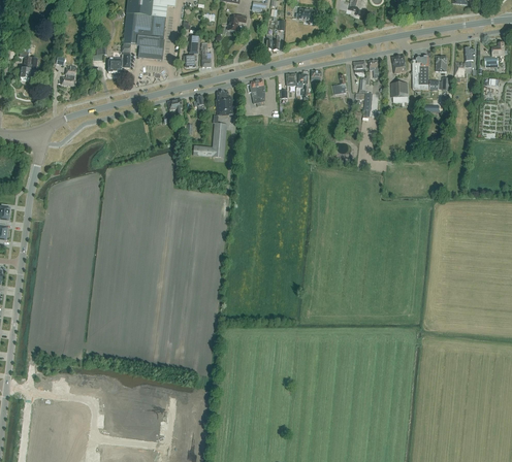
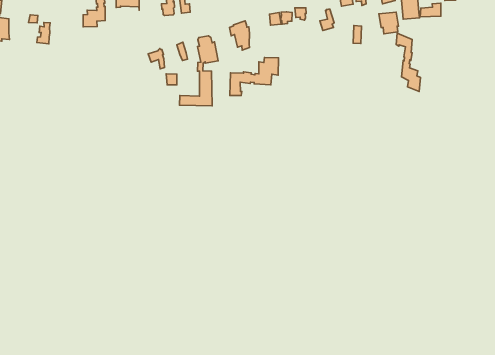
building: none -> [396,33,420,92]
building: none -> [230,57,279,96]

